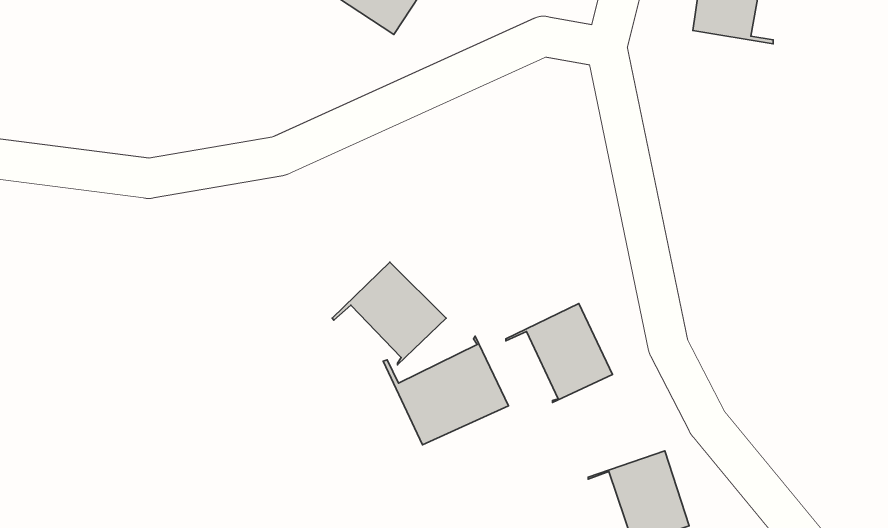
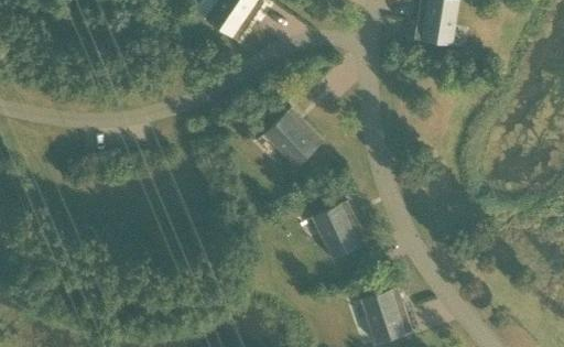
building: [332,262,446,365] -> [256,108,323,169]
building: [383,336,508,445] -> none

